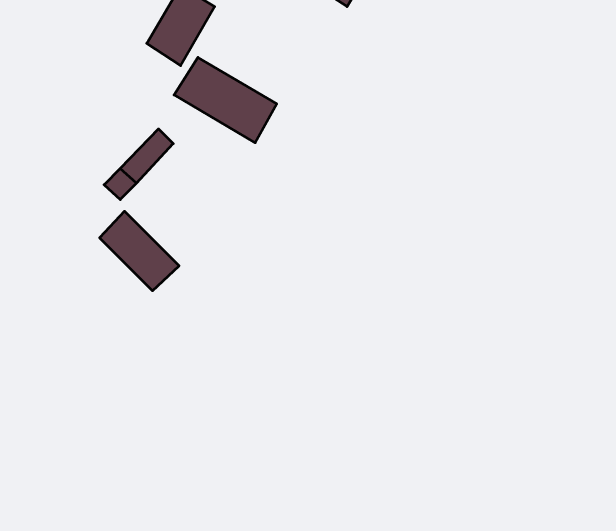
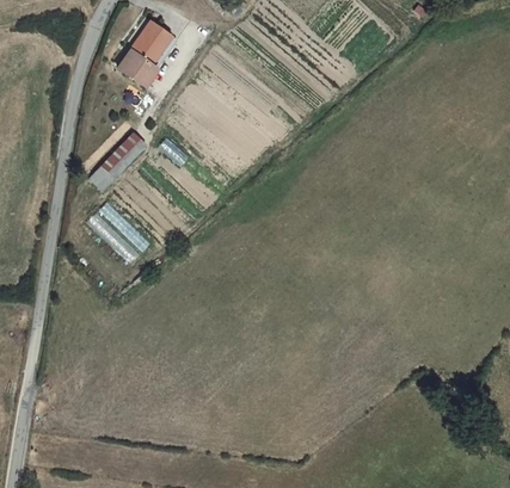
building: [174,57,277,143] -> none

